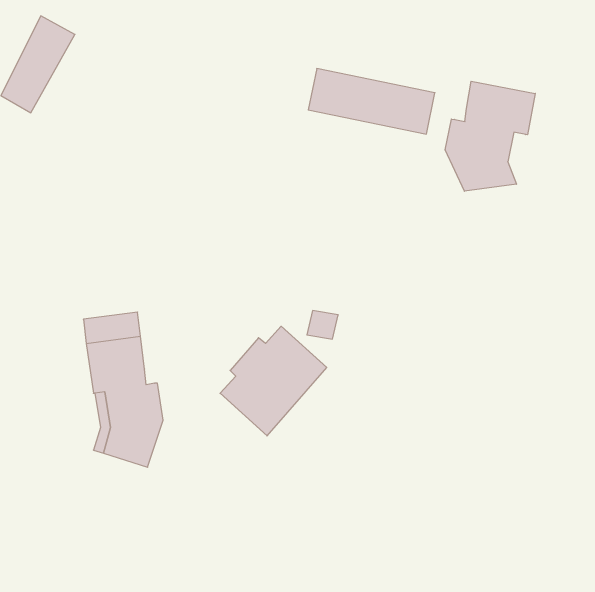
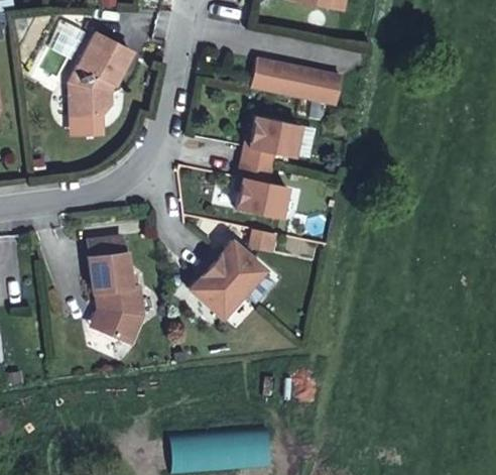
building: none -> [69,34,132,118]
building: [445,81,535,191] -> none
building: none -> [236,116,300,219]

